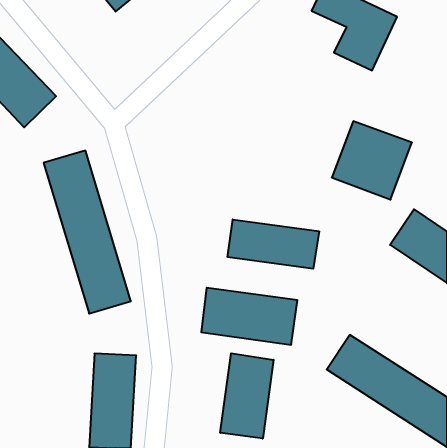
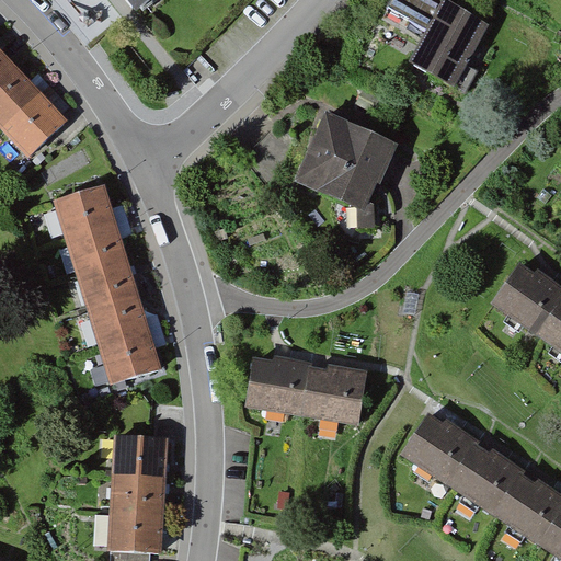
building: [332,121,412,200] -> [298,114,397,210]
building: [228,219,319,269] -> none
building: [220,353,274,439] -> none

